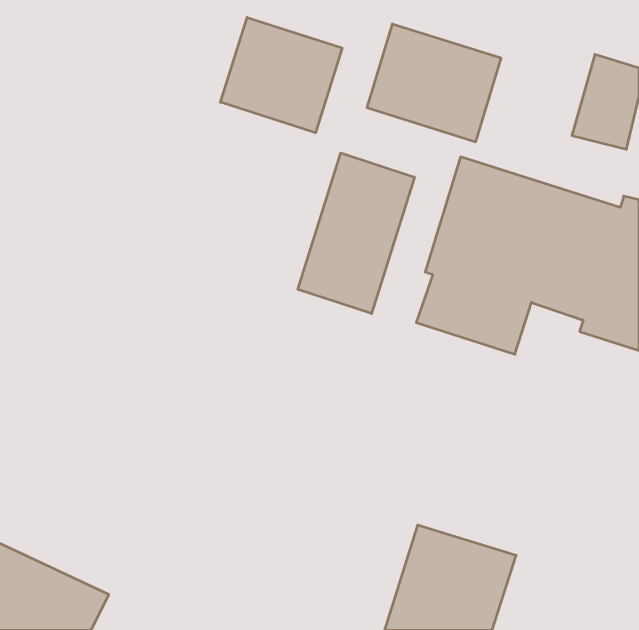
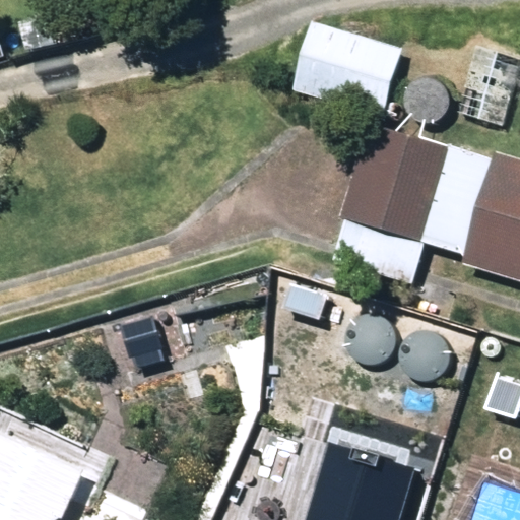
building: [220,17,342,133] -> none
building: [298,153,414,314] -> none

